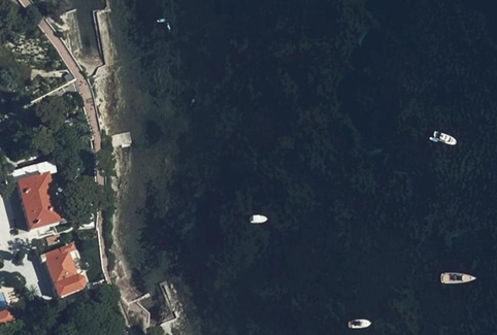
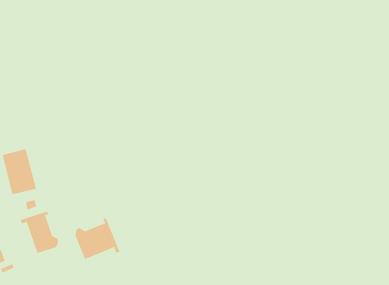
building: none -> [75,218,120,260]

